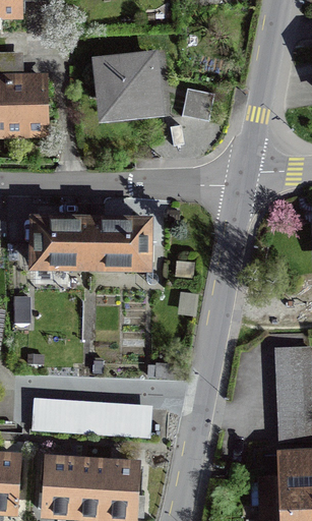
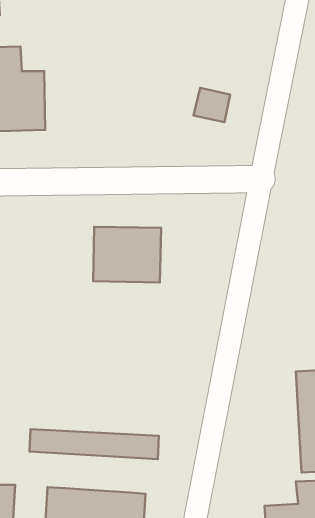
building: [90,51,165,122] -> none
building: [26,217,90,268] -> none

